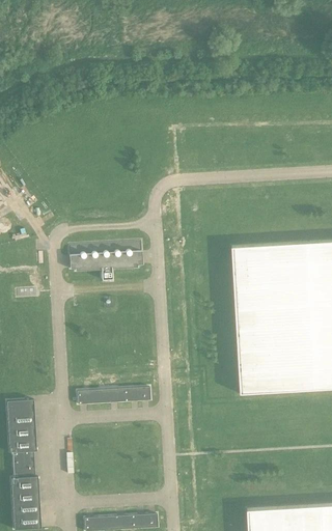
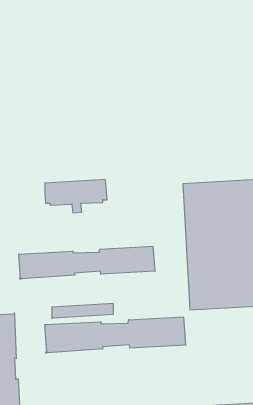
building: none -> [19,246,155,279]
building: none -> [45,317,186,353]

